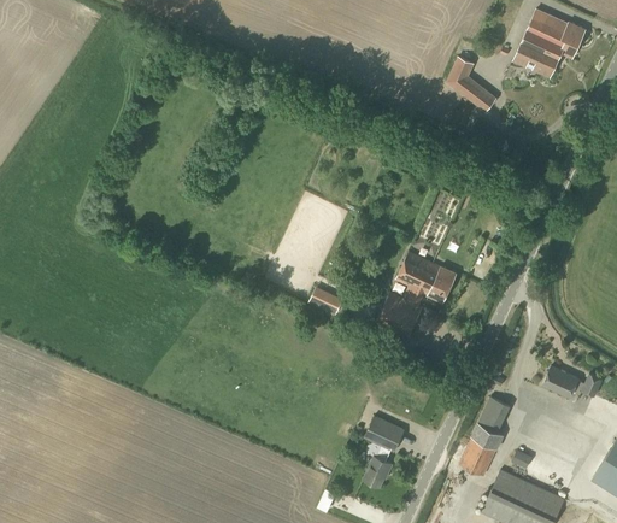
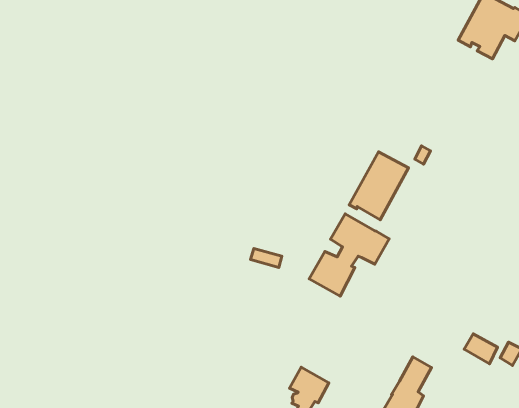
building: [447,59,495,112] -> none

